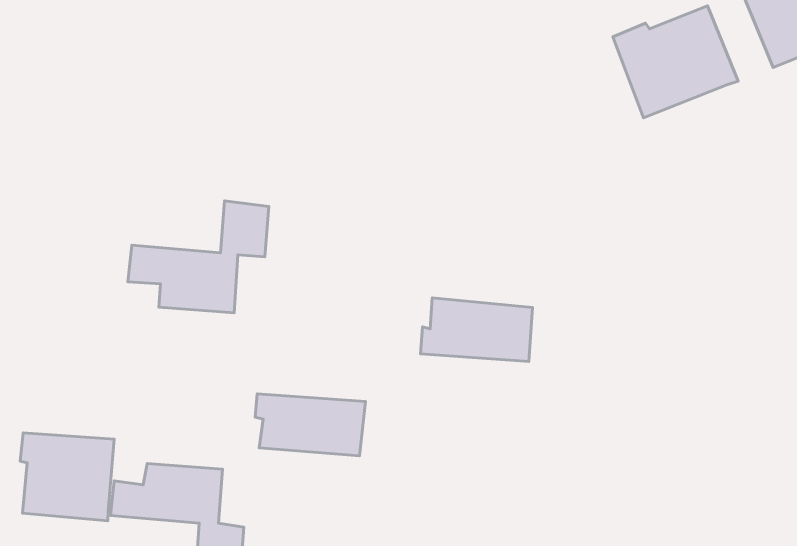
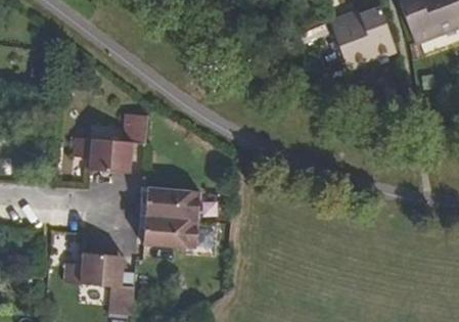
building: [421,298,533,362] -> [142,185,201,219]
building: [20,433,114,521] -> none

